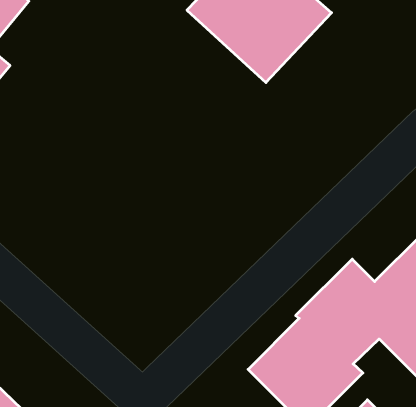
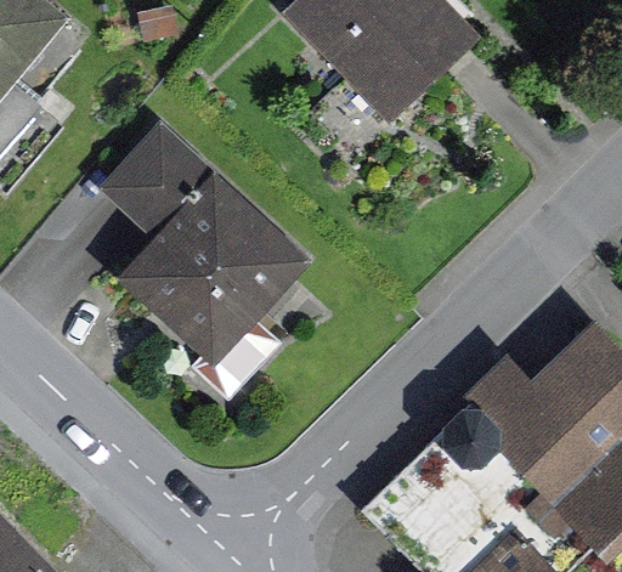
building: none -> [100,125,301,358]

